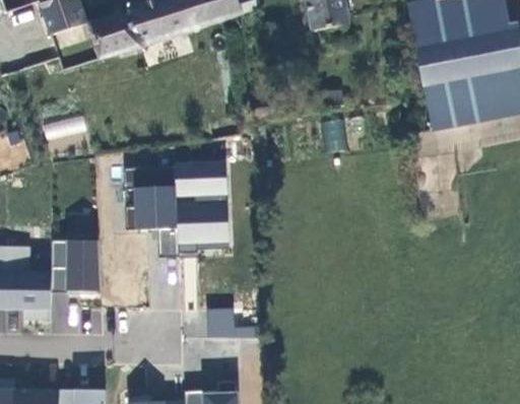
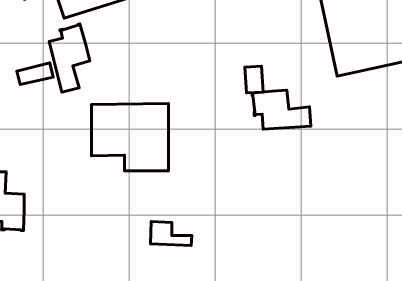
building: none -> [49,24,90,92]
building: none -> [252,90,311,129]
building: [51,235,100,294] -> none

